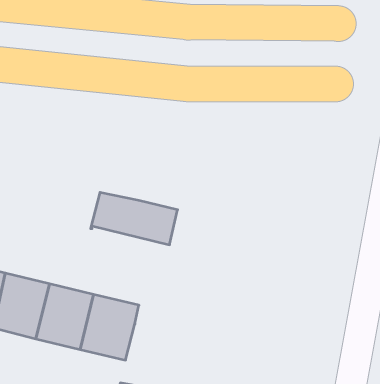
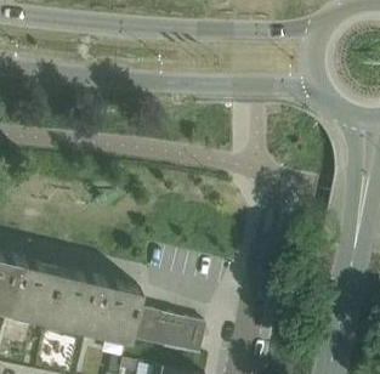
building: [91,192,178,245] -> [125,306,204,353]

